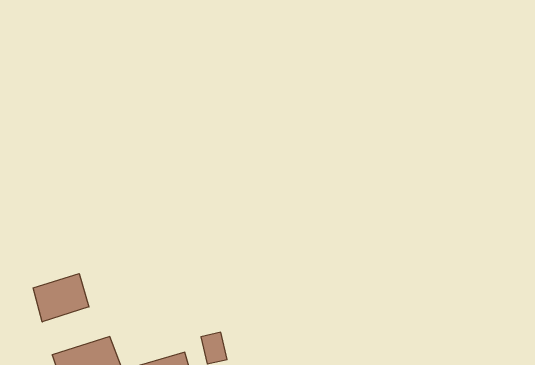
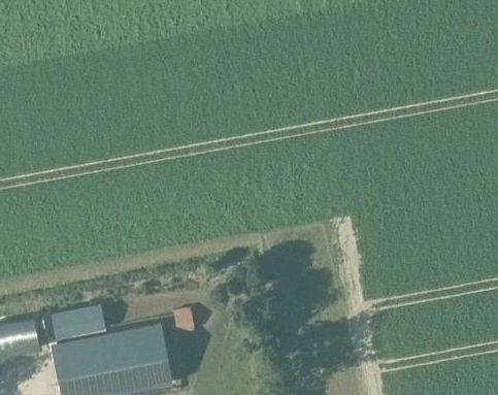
building: [33,274,89,322] -> none

